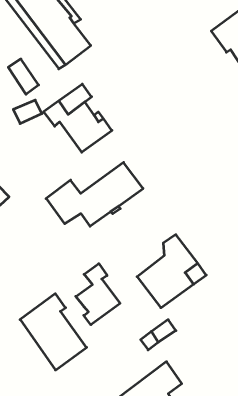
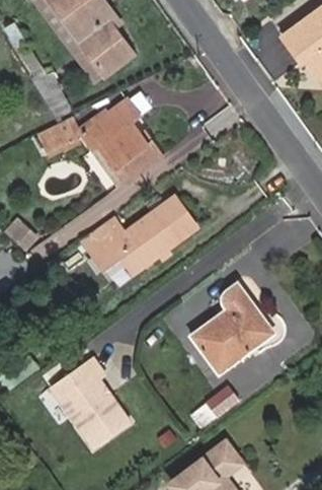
building: [76,264,120,325] -> none

